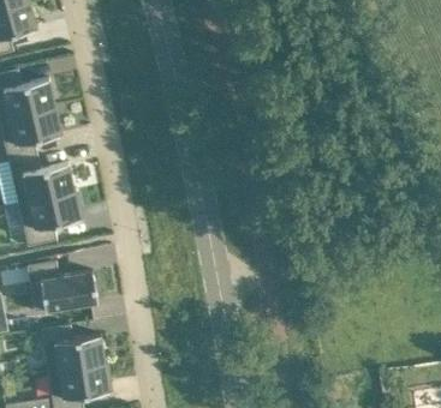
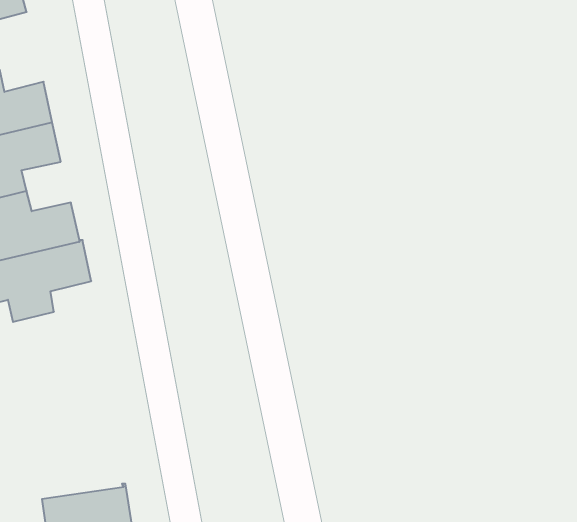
building: [25,262,96,312] -> none
building: [40,325,105,372] -> none

